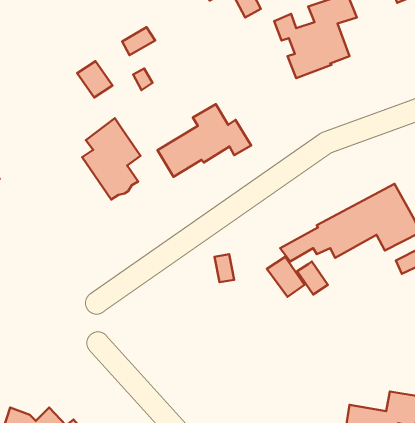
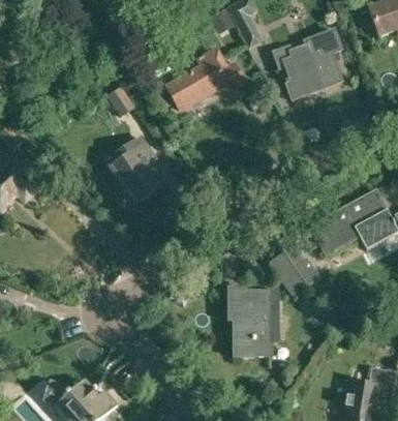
building: [158,104,251,177] -> [166,47,246,109]
building: none -> [229,289,280,358]

